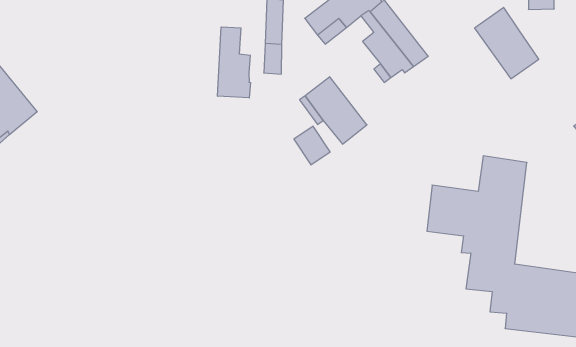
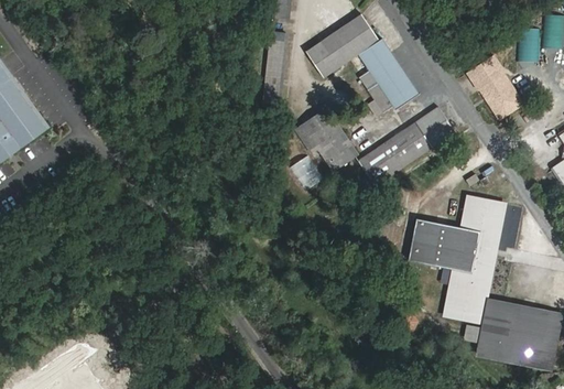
building: [218,27,251,98] -> none
building: none -> [358,108,455,186]

